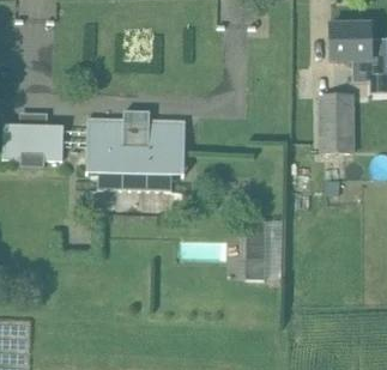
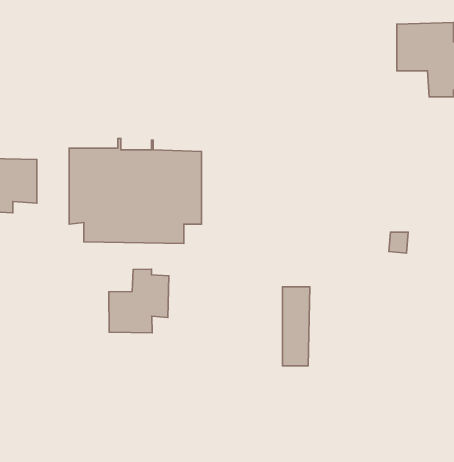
building: [318,96,352,153] -> none
building: none -> [109,269,169,333]

